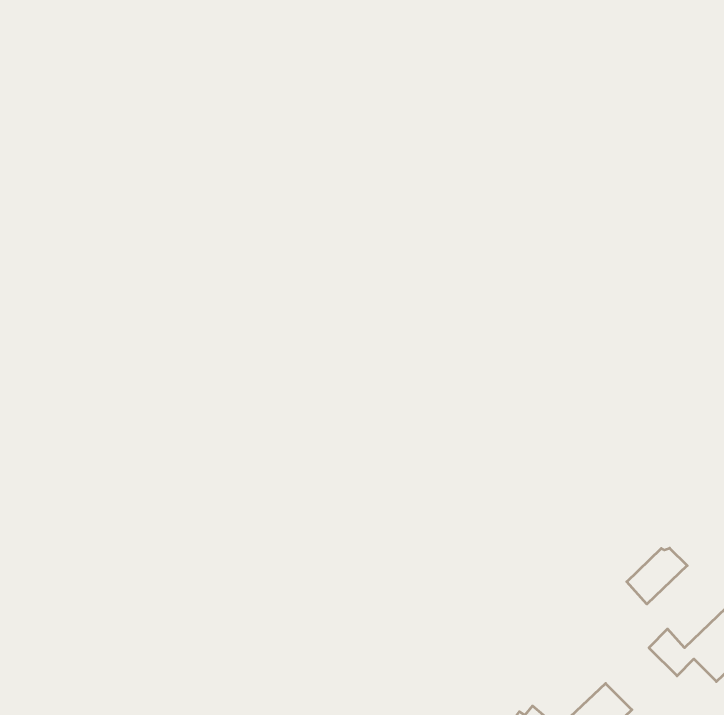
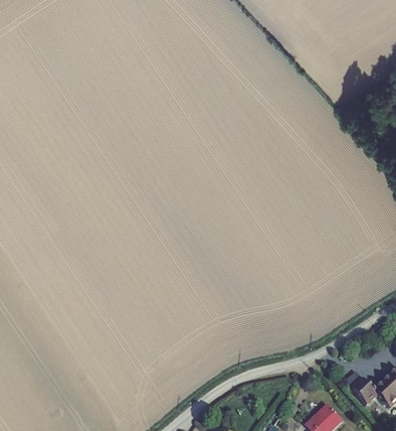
building: [627,548,687,604] -> none

